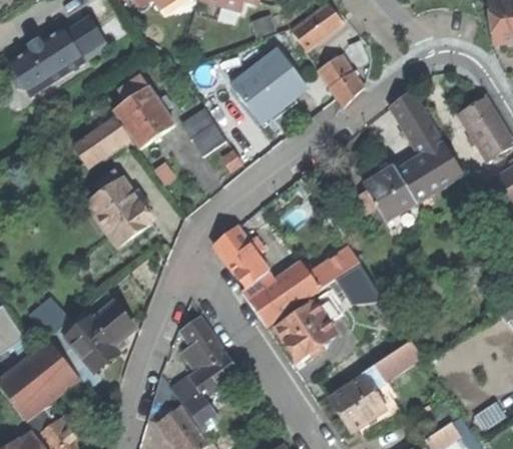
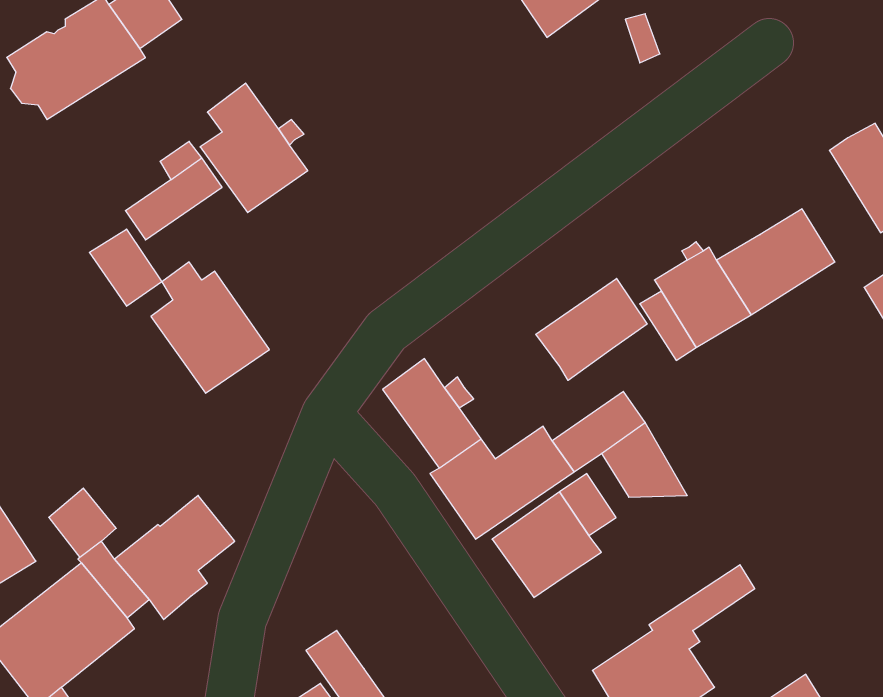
building: [232,49,308,122] -> none
building: [318,54,362,107] -> none
building: [390,90,445,159] -> none
building: [180,108,225,156] -> none
building: none -> [89,229,162,306]
building: none -> [536,278,647,380]
building: [180,316,240,398] -> none

